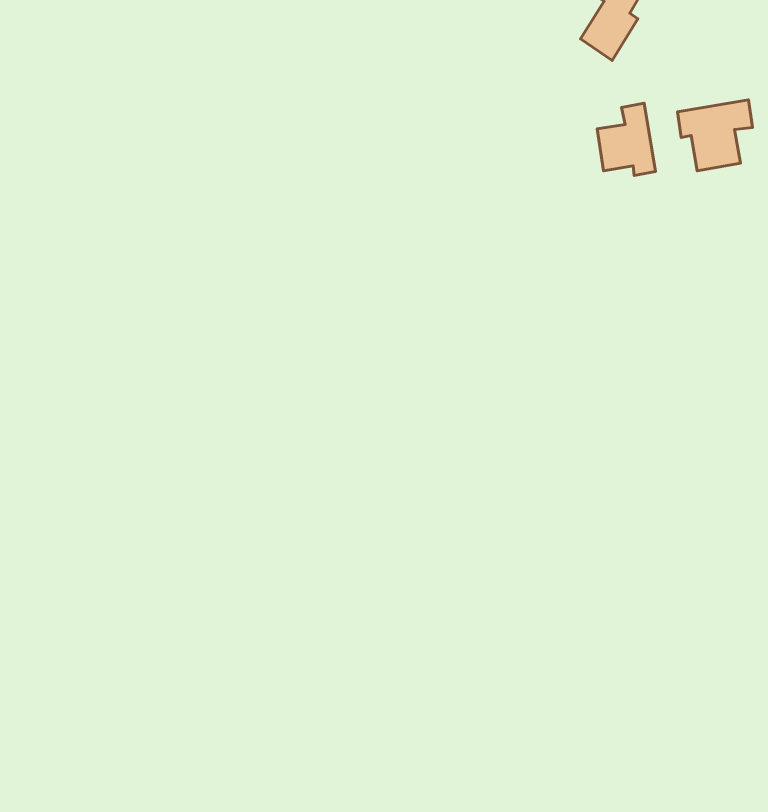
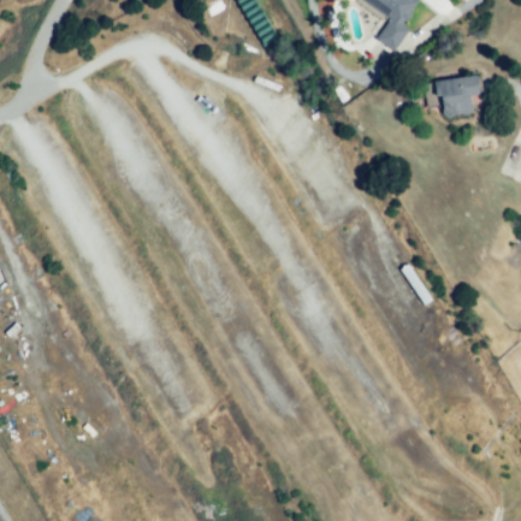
building: [597,103,655,175] -> none

